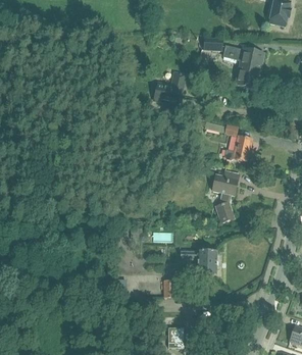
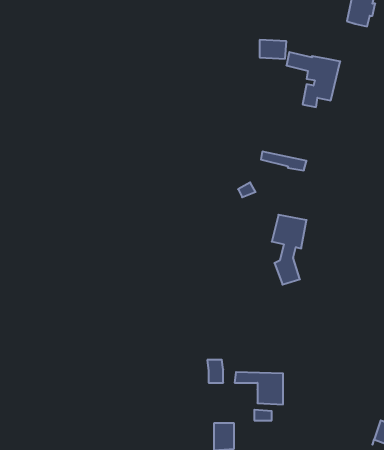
building: [153,71,185,104] -> none
building: [224,135,252,160] -> none
building: [180,250,216,274] -> [235,372,283,404]

